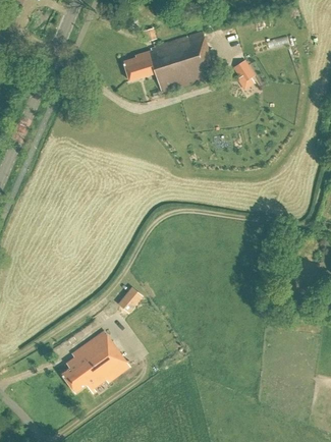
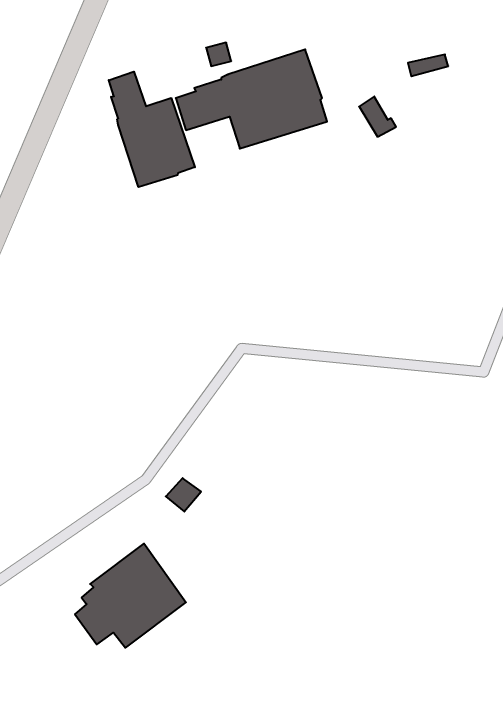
building: none -> [109,72,195,187]

